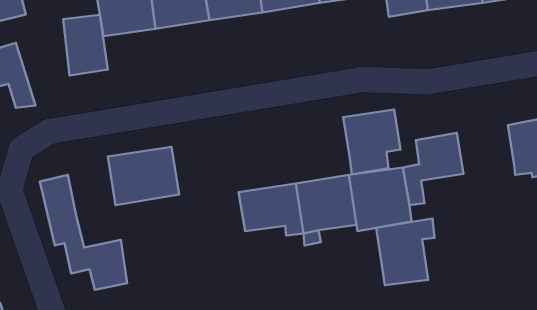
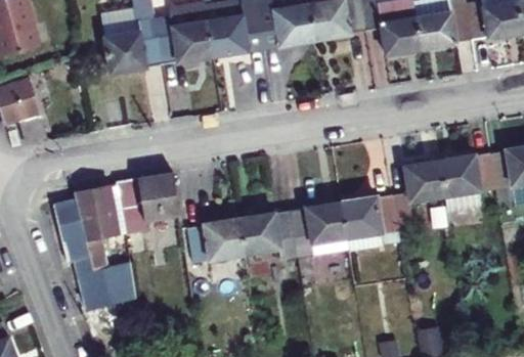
building: [63,15,108,76] -> none
building: [343,110,401,175] -> [442,153,496,215]
building: none -> [73,190,115,269]
building: none -> [186,217,242,262]
building: [376,219,434,285] -> none

